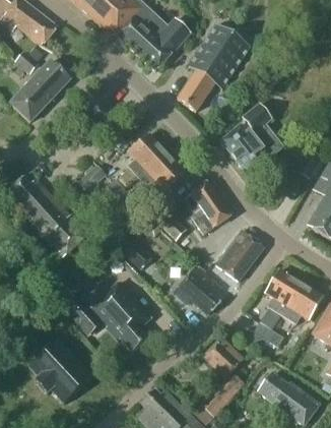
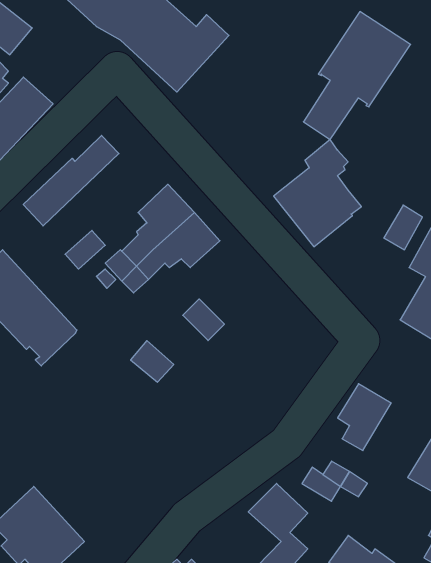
building: [178,22,251,110] -> [303,12,411,140]
building: none -> [23,135,119,226]
building: [186,179,233,233] -> none
building: [216,229,264,280] -> none
building: [175,266,221,313] -> none
building: [60,280,152,351] -> none
building: [282,282,324,323] -> none

